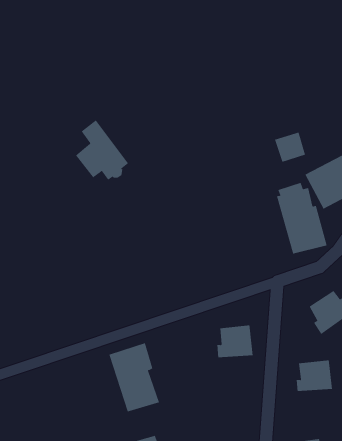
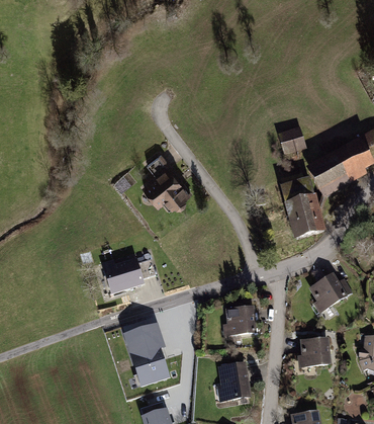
building: [75,119,129,181] -> [143,151,192,207]
building: none -> [101,257,157,292]
building: none -> [217,361,252,402]

